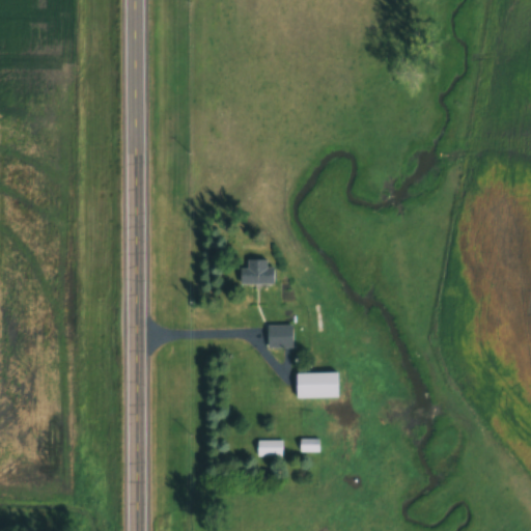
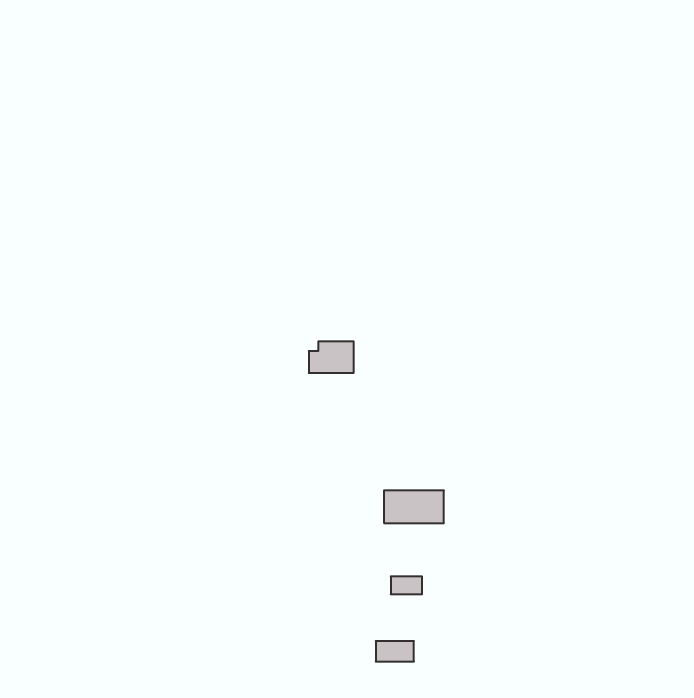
building: [267,325,296,347] -> none
building: [257,440,286,455] -> [376,641,414,662]

